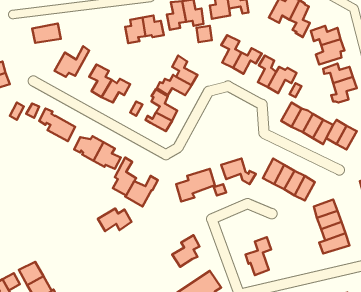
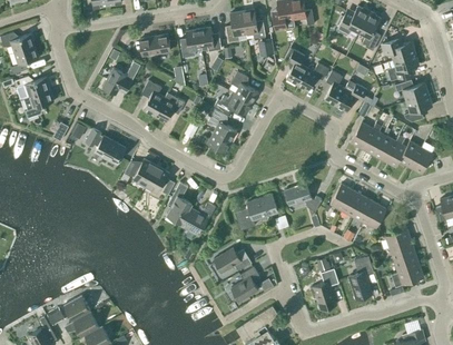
building: [32,24,61,43] -> [139,34,170,56]
building: [98,209,132,231] -> [214,248,250,273]
building: none -> [348,256,373,298]

